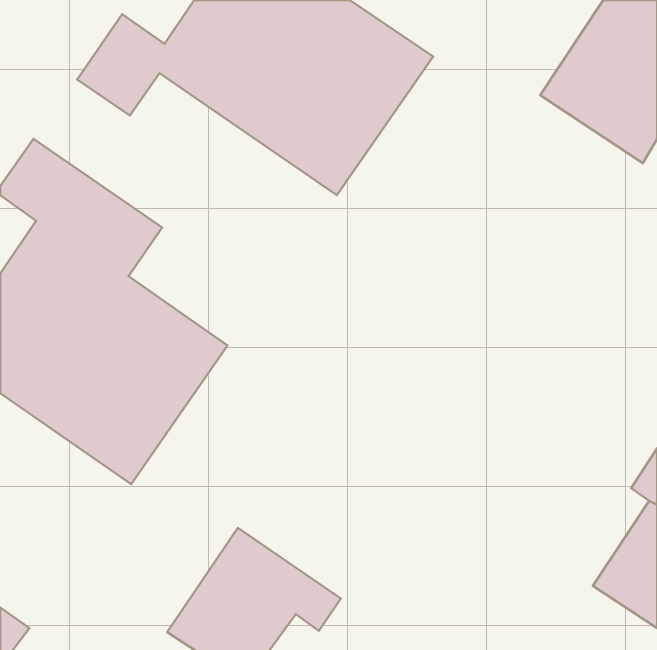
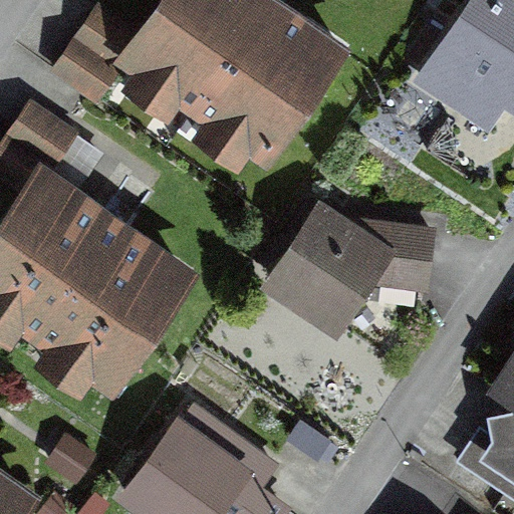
building: none -> [273,213,430,323]

